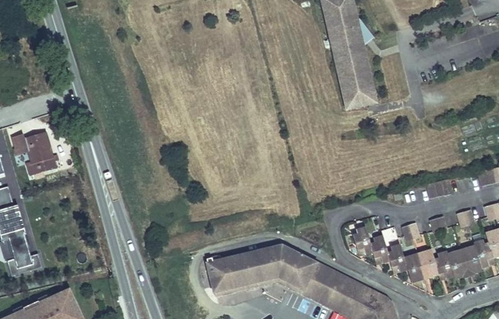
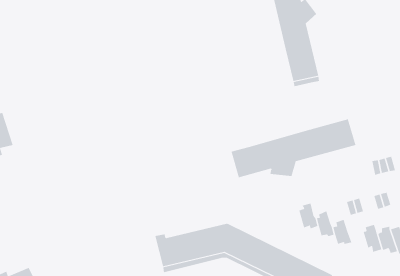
building: none -> [231,119,356,178]
building: [402,252,422,282] -> none

